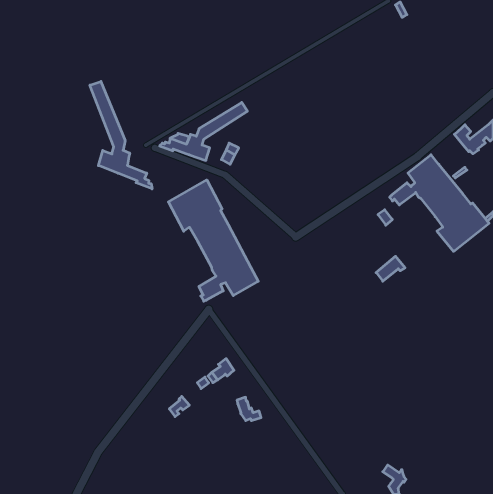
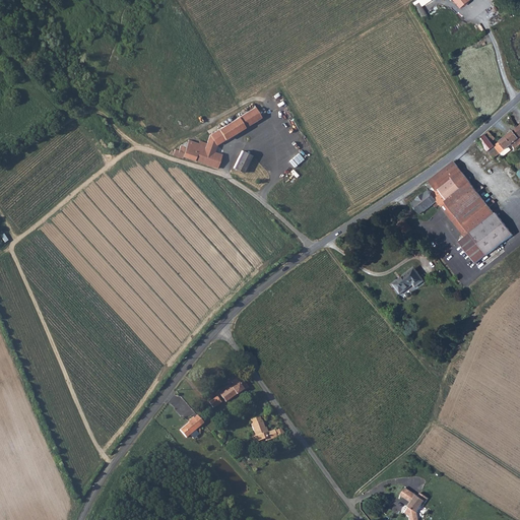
building: [90,81,152,189] -> none
building: [168,180,258,301] -> none

